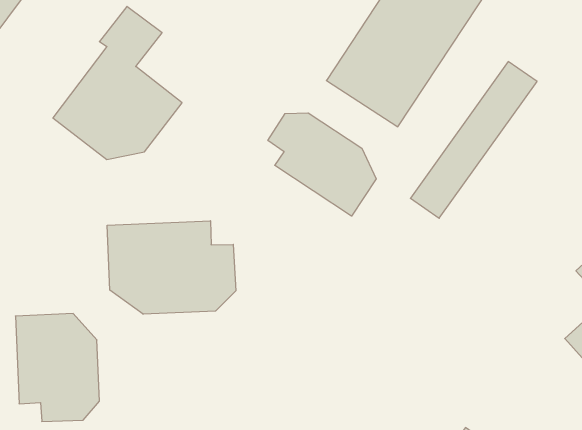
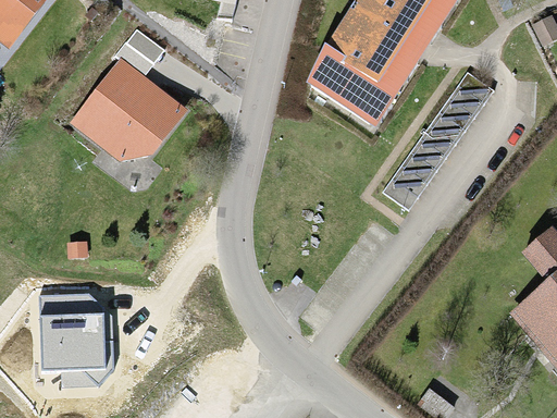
building: [268,113,376,216] -> none
building: [107,221,236,314] -> none

